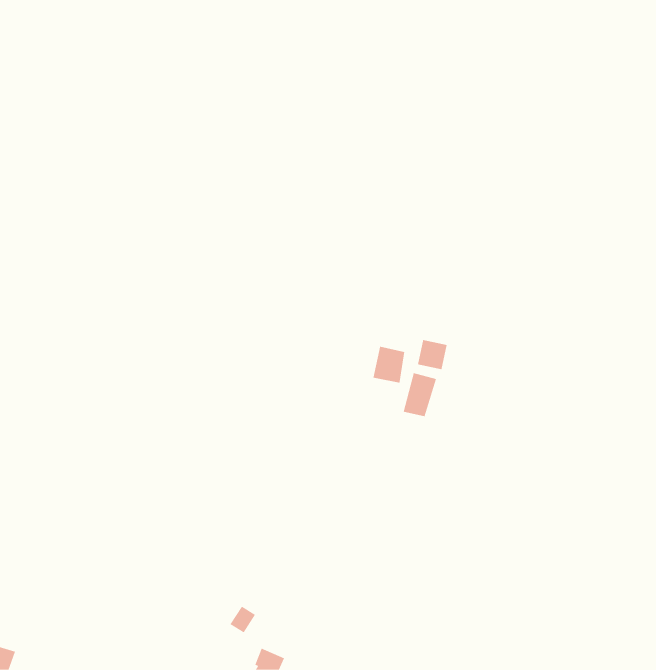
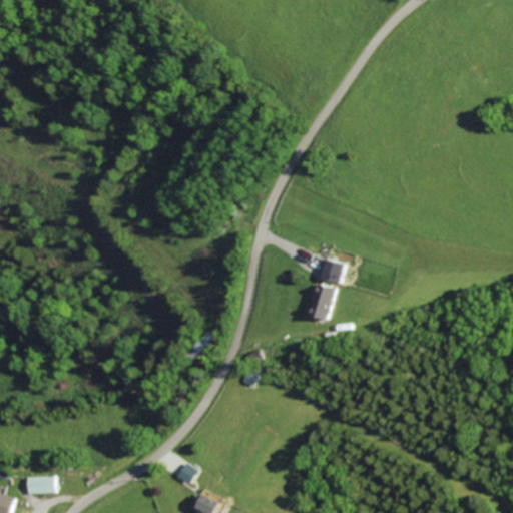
building: [373,346,405,384] -> none
building: none -> [26,476,55,494]

